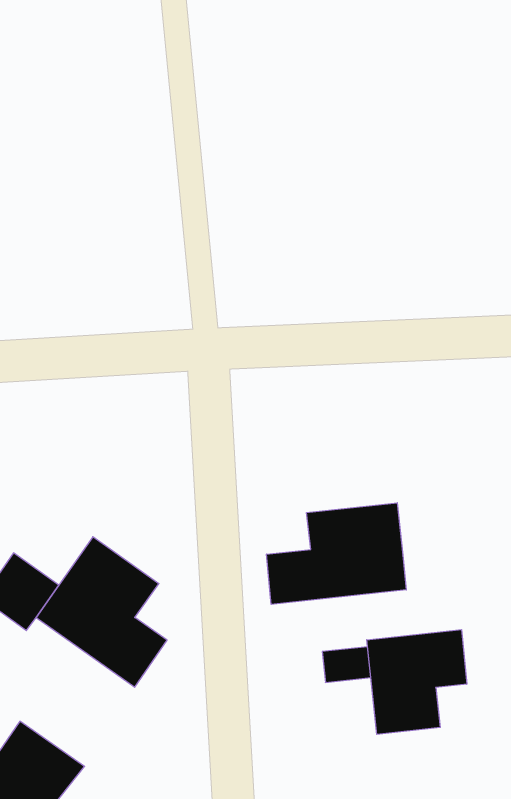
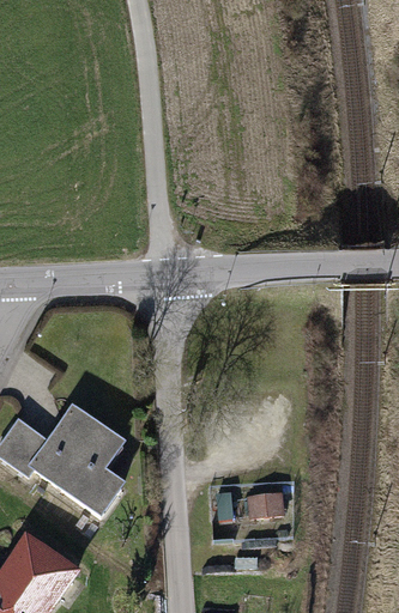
building: [267,503,406,604] -> none
building: [367,630,467,734] -> none

